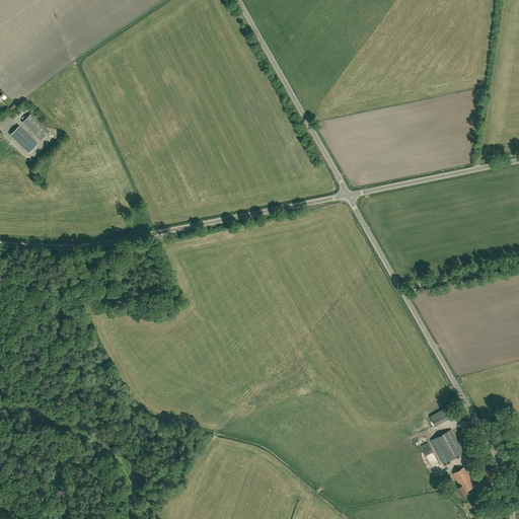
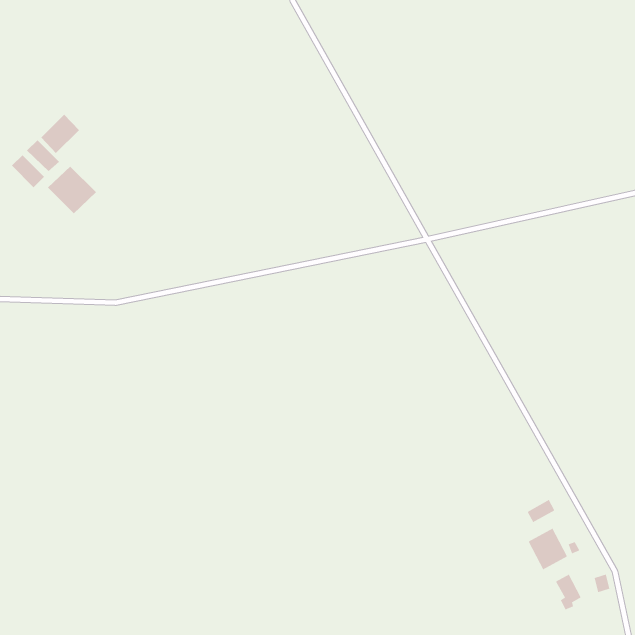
building: none -> [41,114,80,154]
building: none -> [47,166,97,214]

